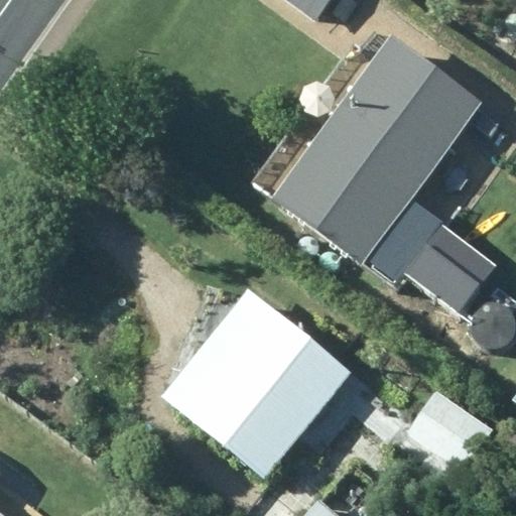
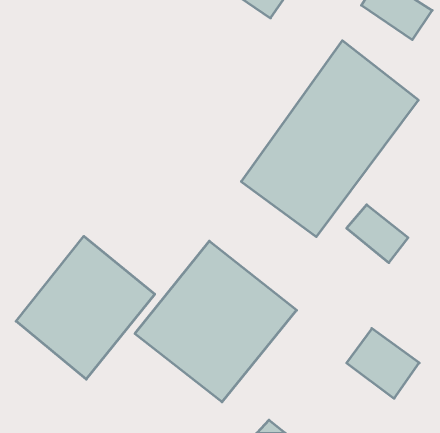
building: none -> [16,236,155,379]

